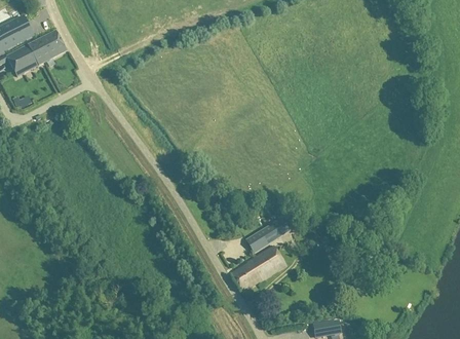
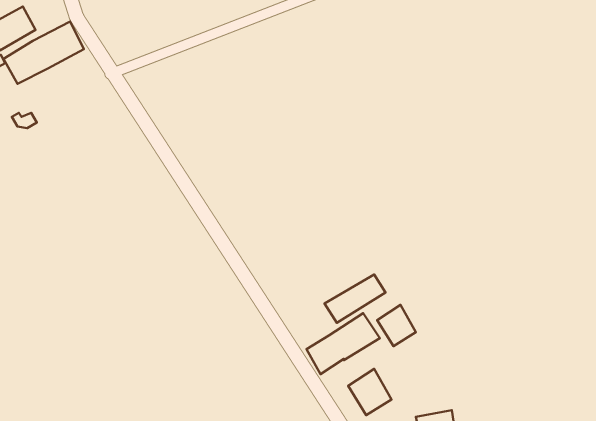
building: none -> [377,305,416,346]
building: none -> [348,369,391,415]

